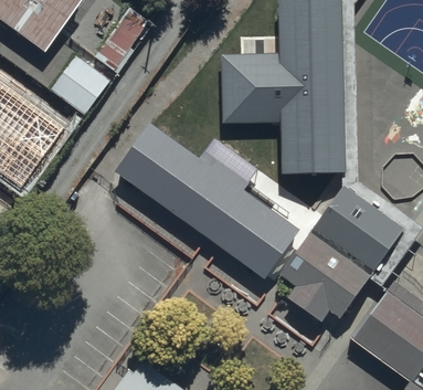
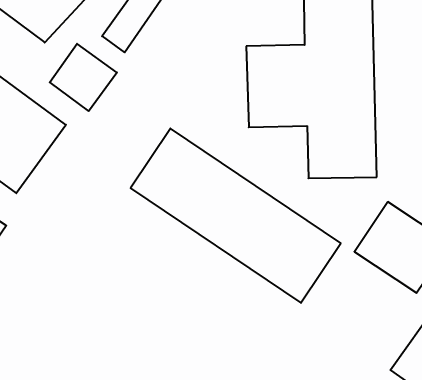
building: [282,236,373,325] -> none

